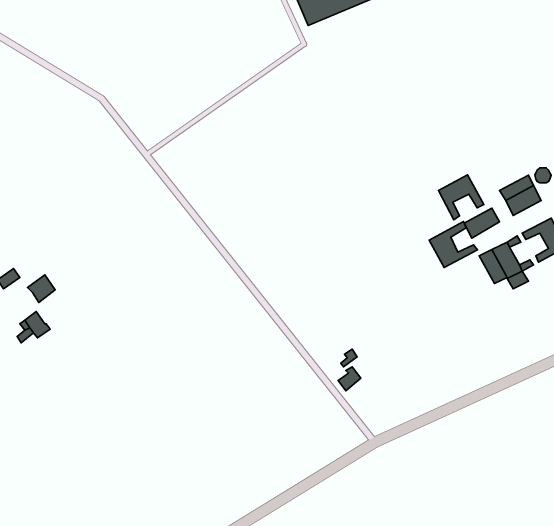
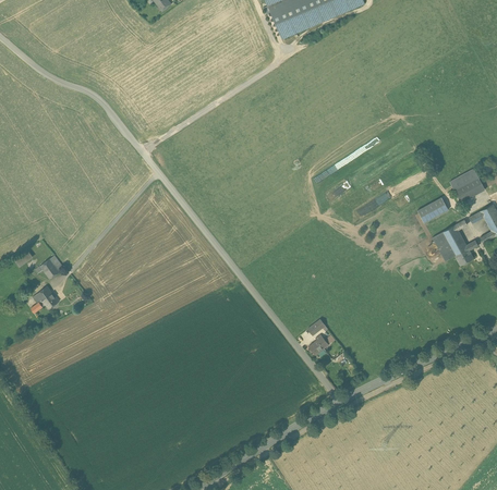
building: [439,175,484,220] -> none
building: [429,221,477,268] -> none

